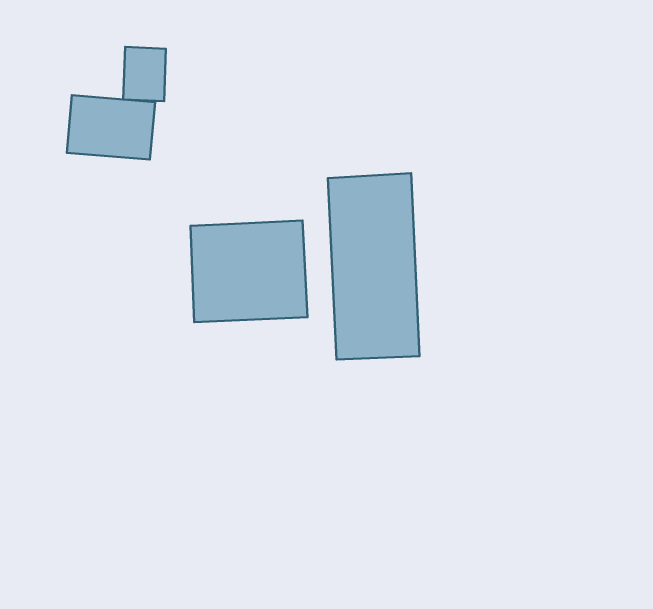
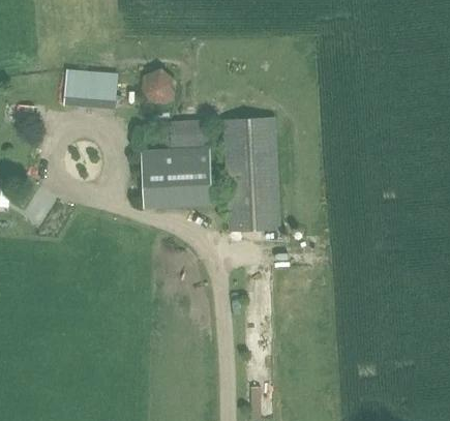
building: [123,47,166,101] -> [147,68,173,101]
building: none -> [166,120,208,148]

